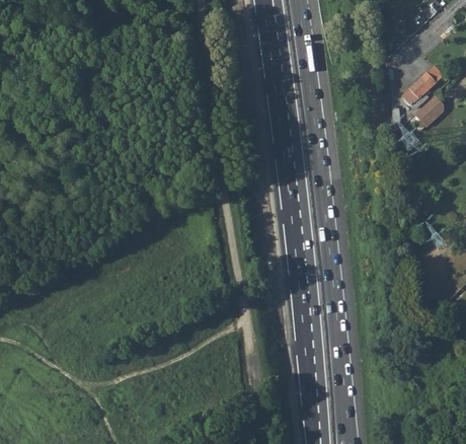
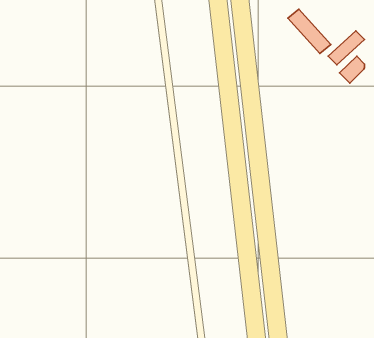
building: none -> [288,9,331,54]

